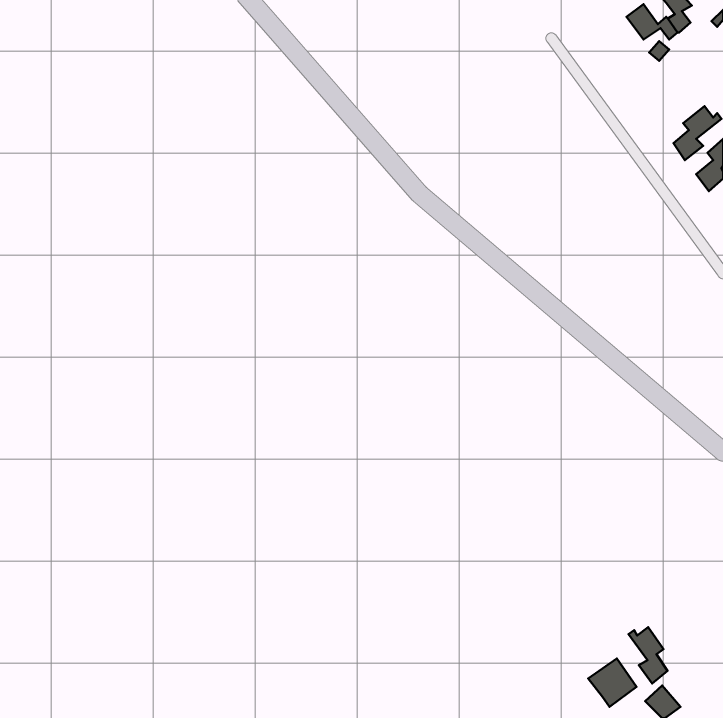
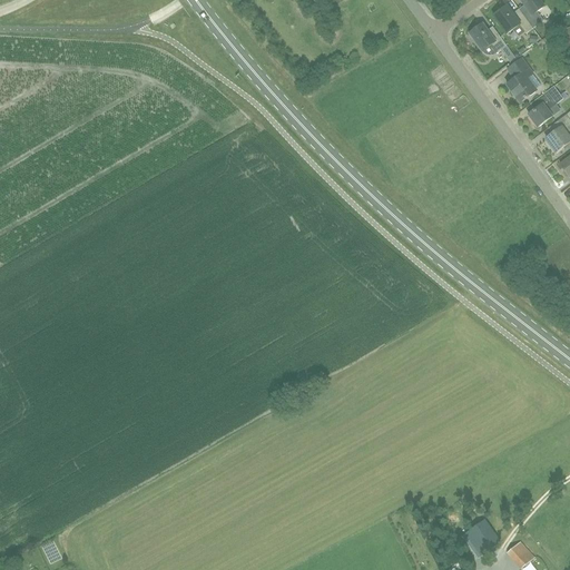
building: none -> [469,21,505,53]
building: none -> [507,57,535,101]
building: [629,627,668,684] -> none

